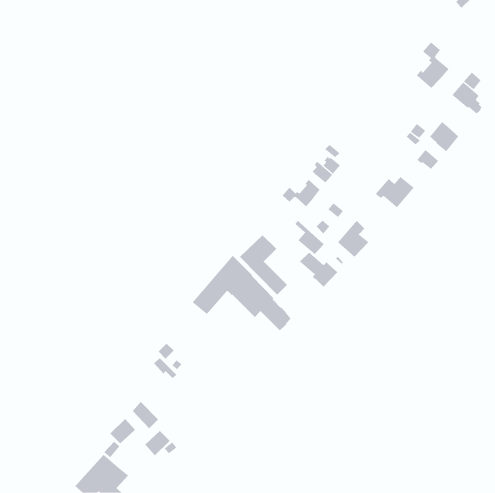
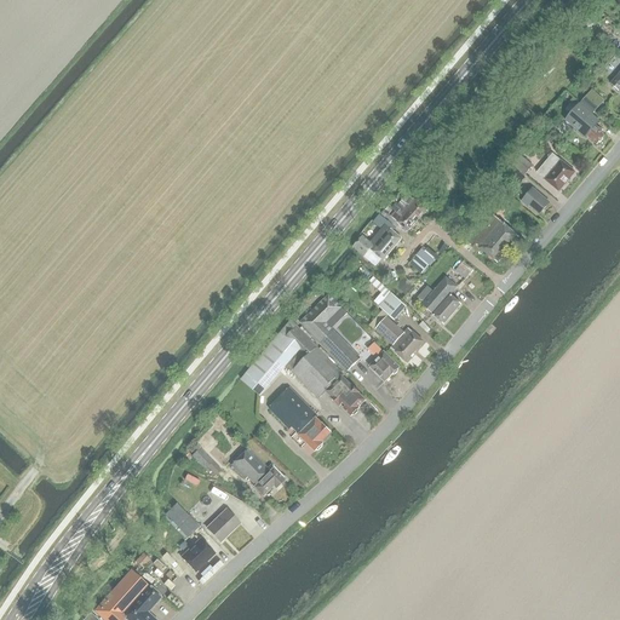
building: [416,41,450,89] -> none
building: none -> [368,344,398,380]
building: none -> [268,385,331,449]
building: none -> [230,447,283,494]
building: [110,418,136,444] -> [206,507,239,540]

